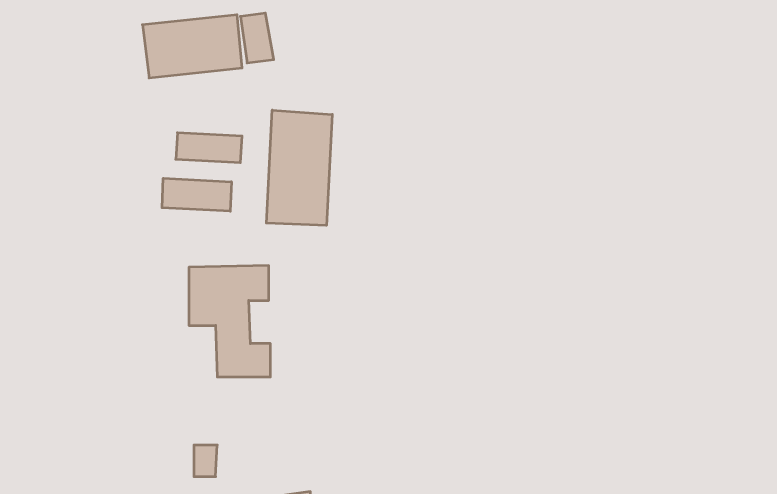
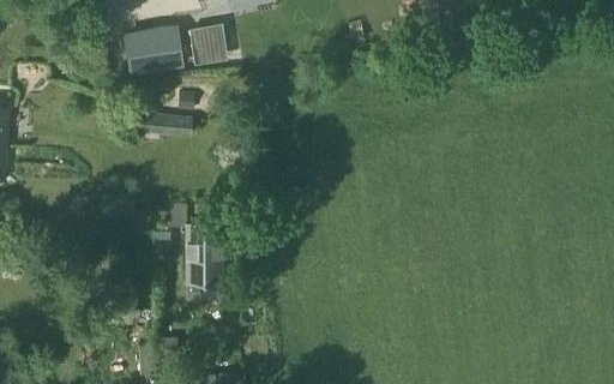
building: [266,110,332,225] -> none
building: [162,178,231,211] -> none

